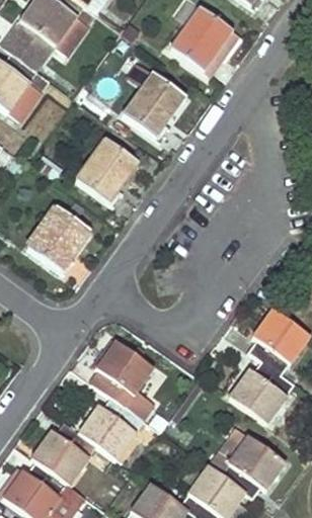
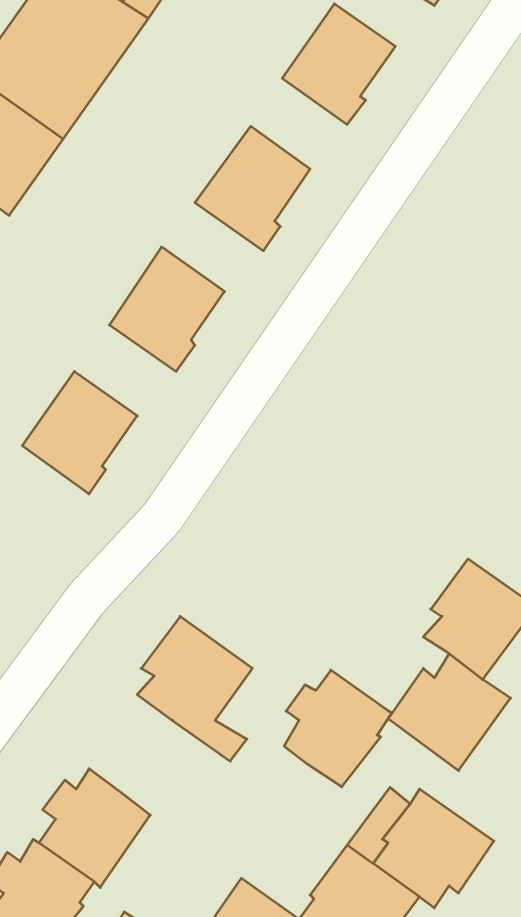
building: [86,395,145,458] -> [284,670,392,787]

